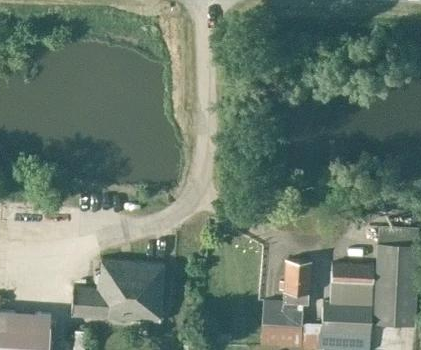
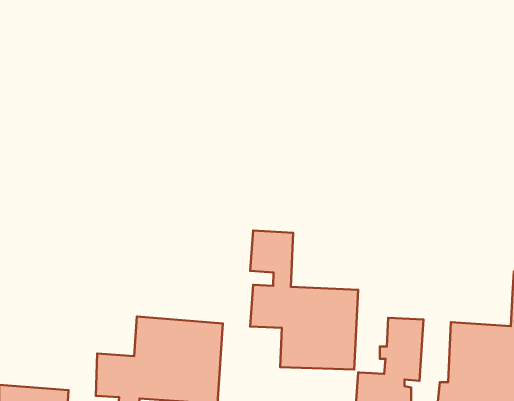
building: none -> [250,230,358,370]

